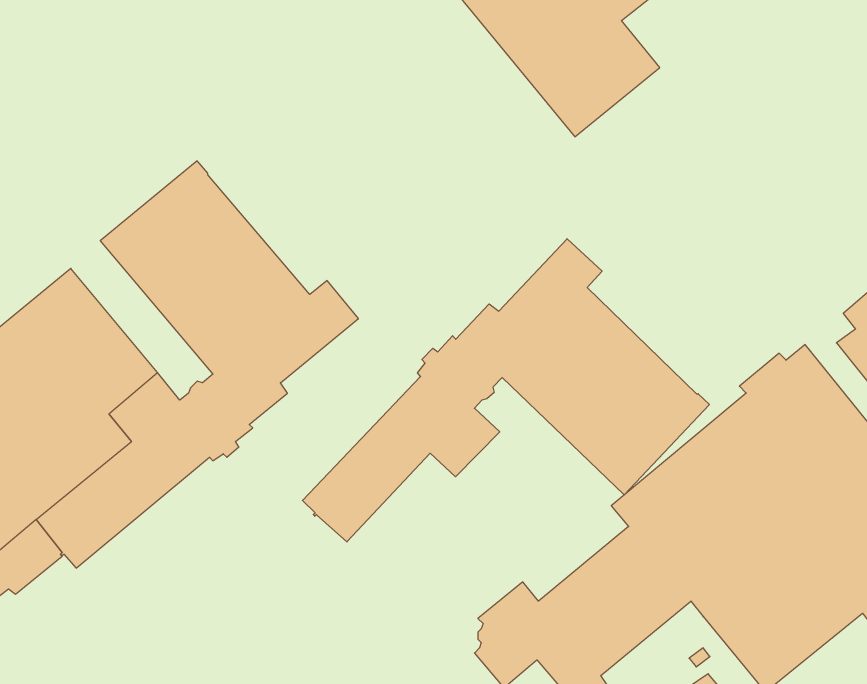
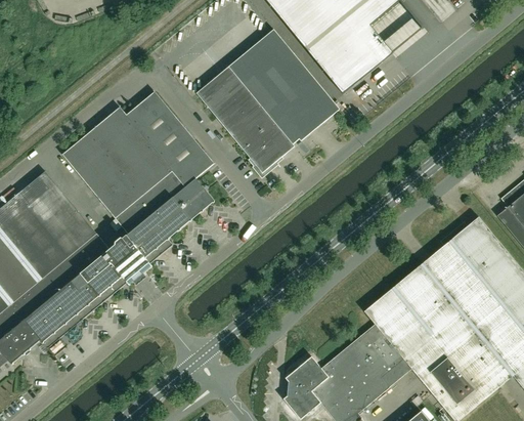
building: none -> [195,28,339,174]
building: none -> [125,90,214,185]
building: [302,239,709,542] -> none

